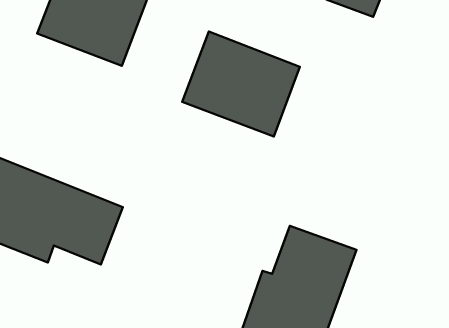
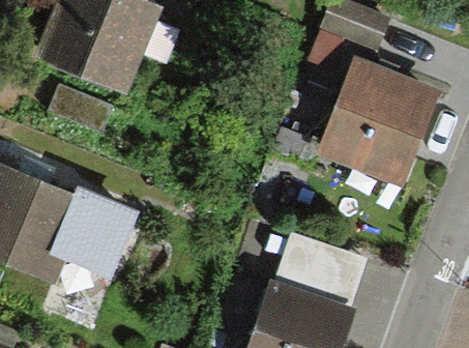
building: [182,31,300,136] -> none
building: none -> [322,69,431,187]

